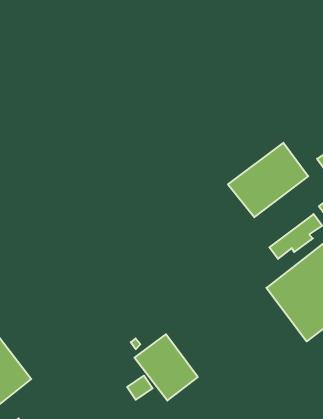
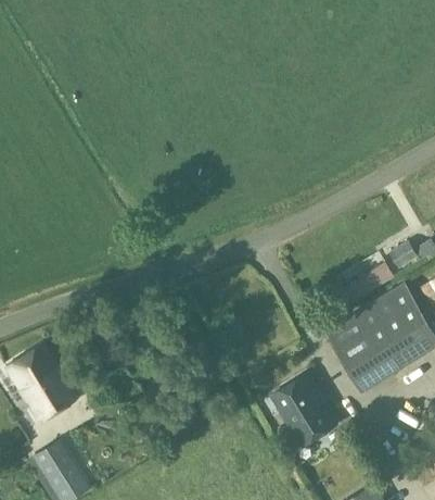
building: [228,143,308,217] -> none
building: [134,334,198,401] -> [271,376,334,445]

